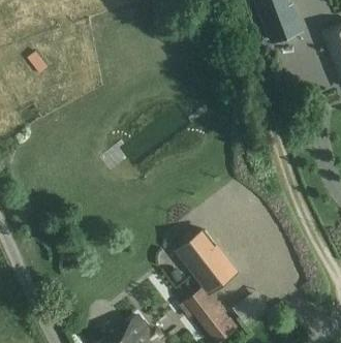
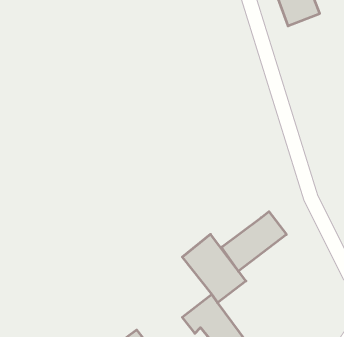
building: none -> [221,212,286,271]

